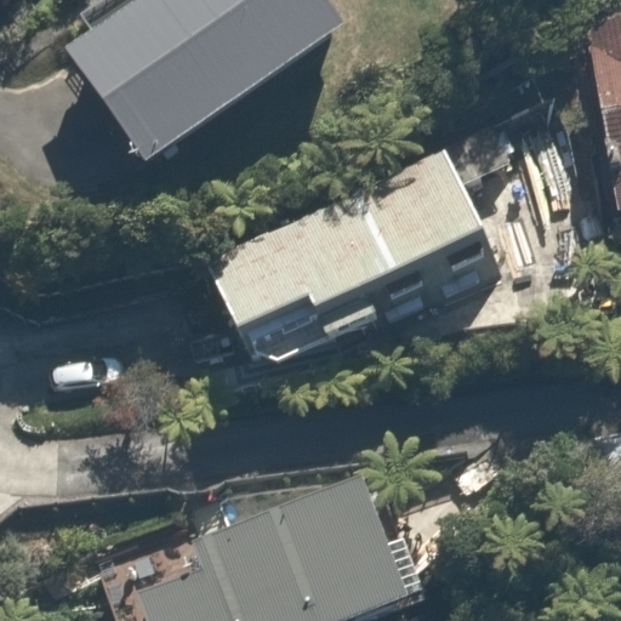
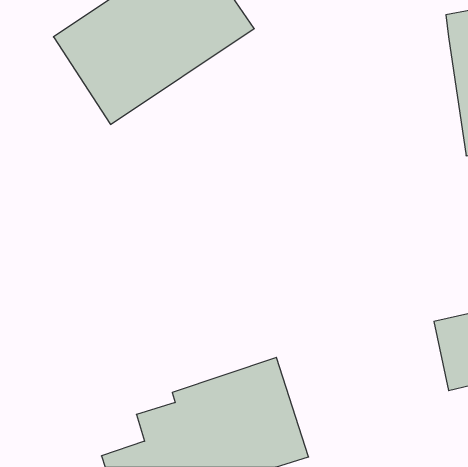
building: [193,153,477,353] -> none

